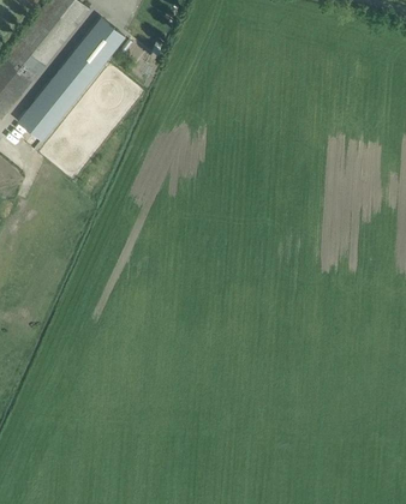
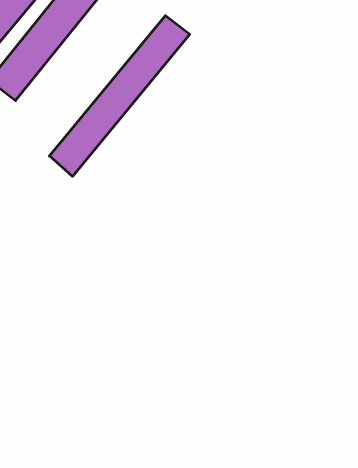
building: none -> [49,16,190,176]

